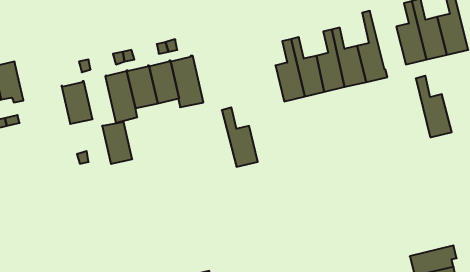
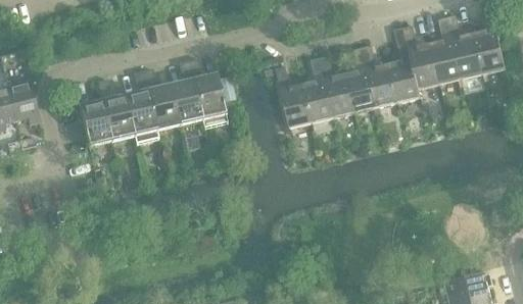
building: [416,76,452,137] -> [400,22,438,87]
building: [222,107,258,167] -> [273,63,311,125]
building: [102,121,132,164] -> [100,94,132,139]

